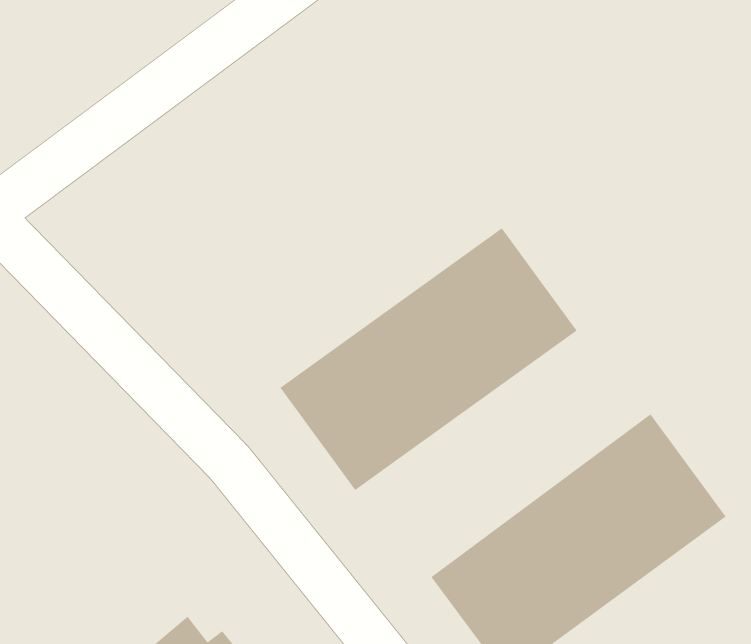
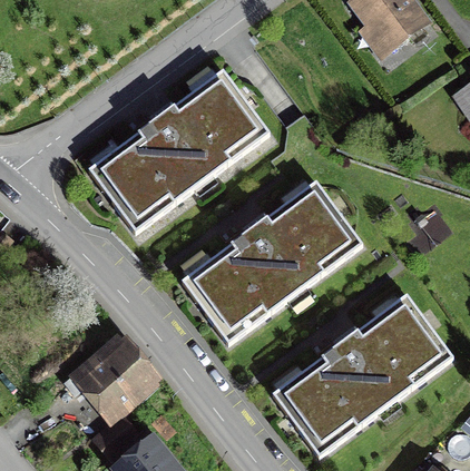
building: none -> [89,72,267,230]
building: none -> [65,337,154,411]

